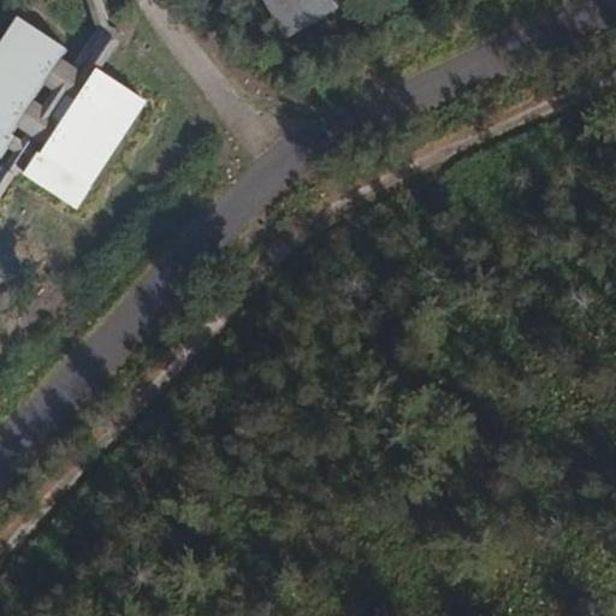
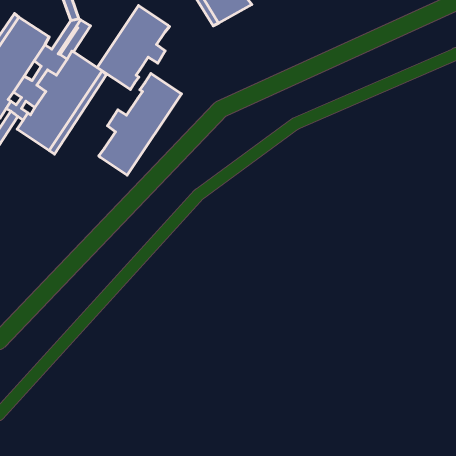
building: none -> [97,5,169,90]
building: none -> [99,73,182,175]

